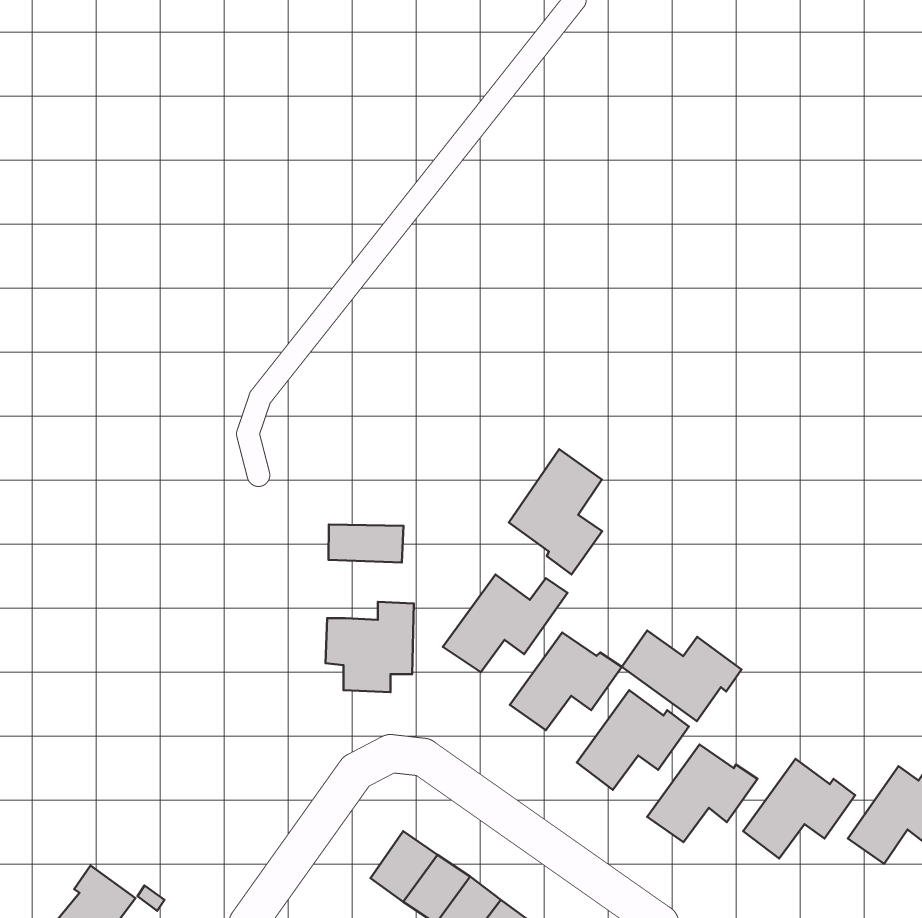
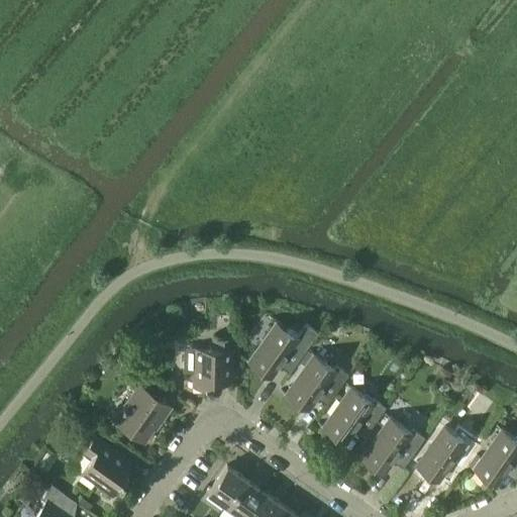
building: [509,449,602,574] -> none
building: [328,524,404,562] -> none
building: [622,631,741,721] -> none
building: none -> [112,369,171,443]
building: none -> [80,437,131,498]

